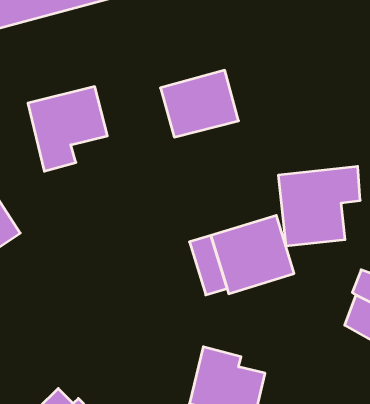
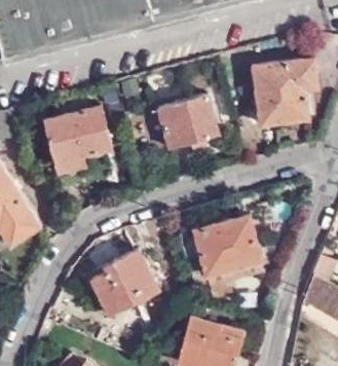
building: [278,166,360,246] -> [254,60,321,124]
building: none -> [85,252,156,317]

